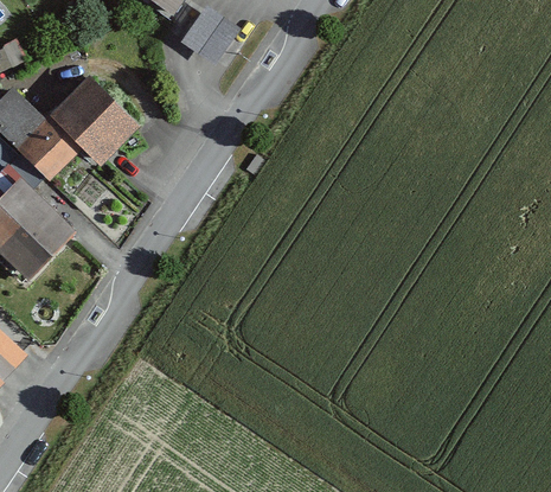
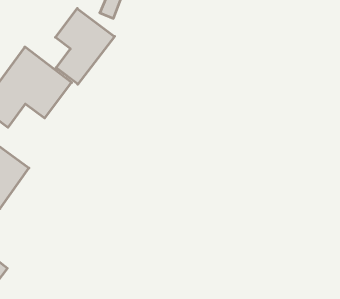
building: none -> [55,8,115,84]

